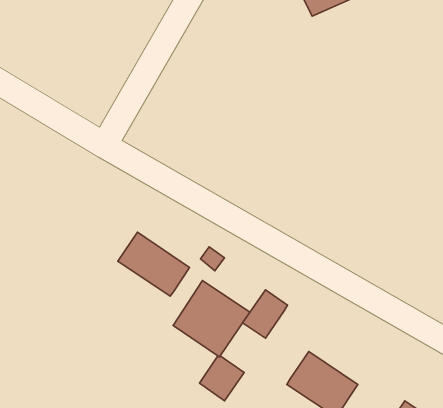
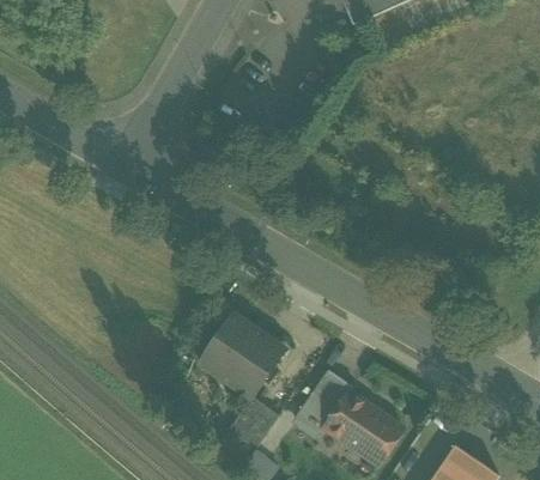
building: [118,232,190,296] -> none
building: [243,290,287,338] -> [304,369,353,421]

